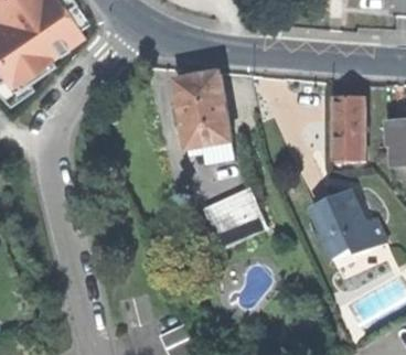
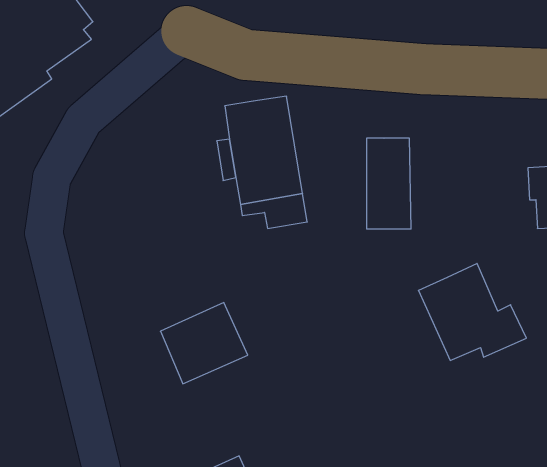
building: [331,94,362,157] -> [367,138,411,229]
building: [204,189,265,245] -> [160,303,248,384]

